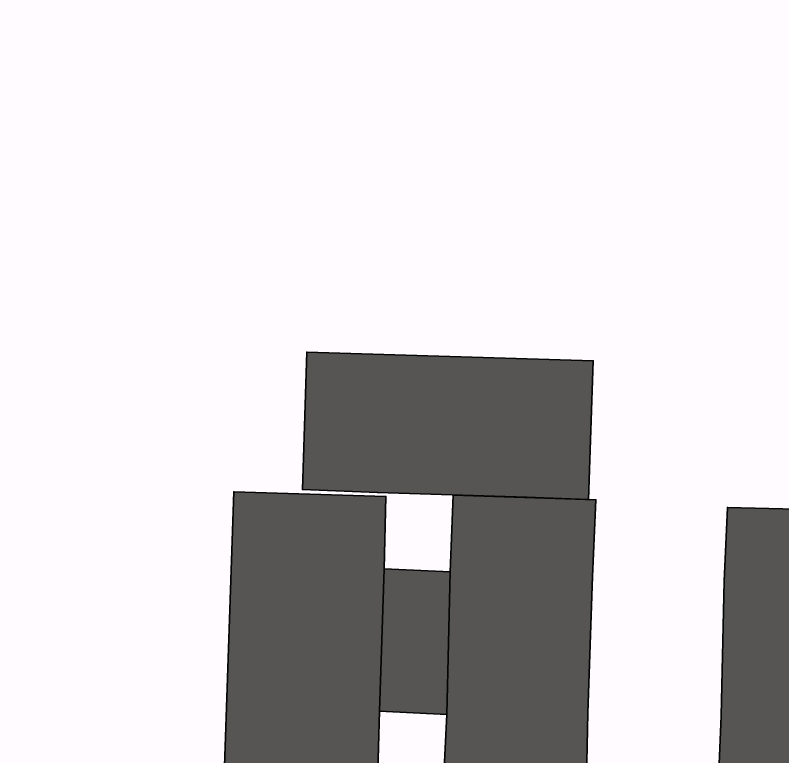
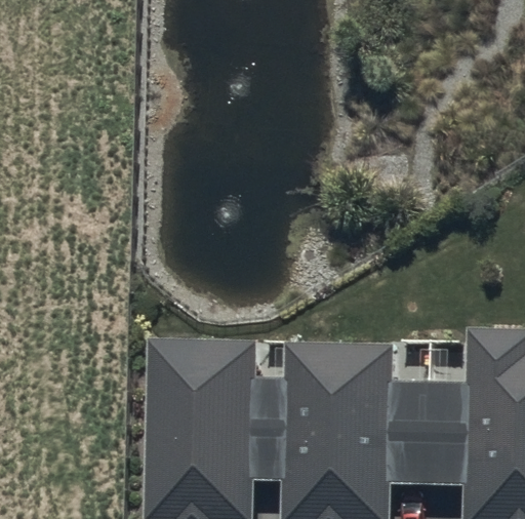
building: [302,352,593,499] -> none
building: none -> [386,394,475,485]

